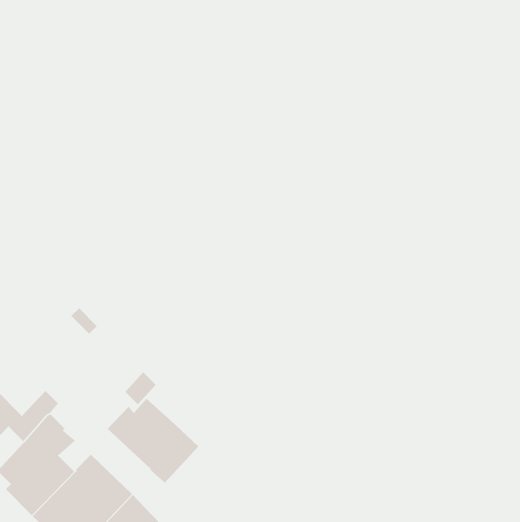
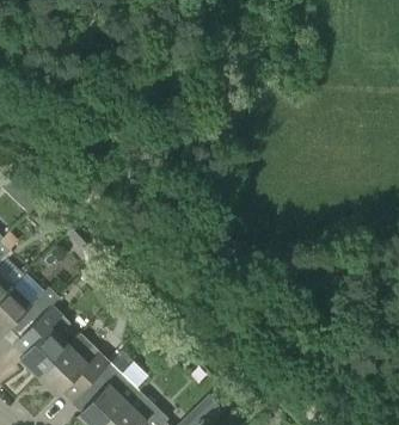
building: [107,398,199,483] -> none

